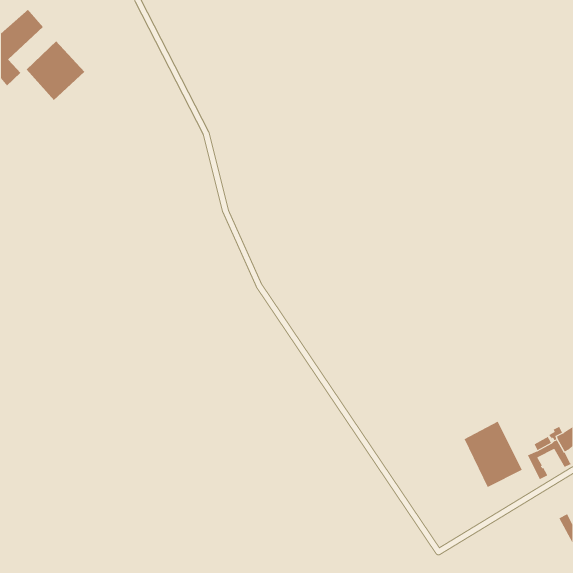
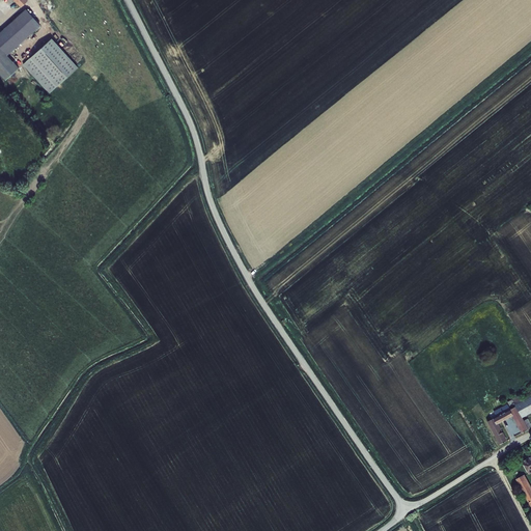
building: [464,421,523,488] -> none

